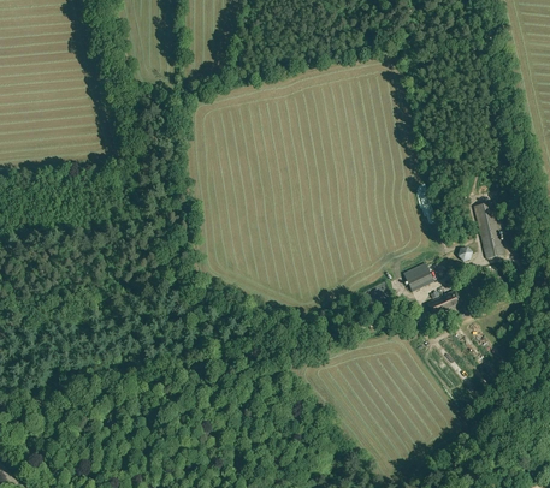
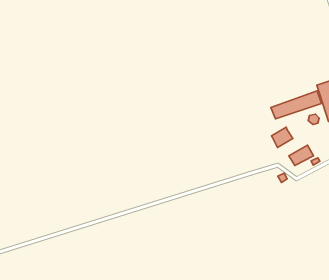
building: none -> [271,91,321,119]

